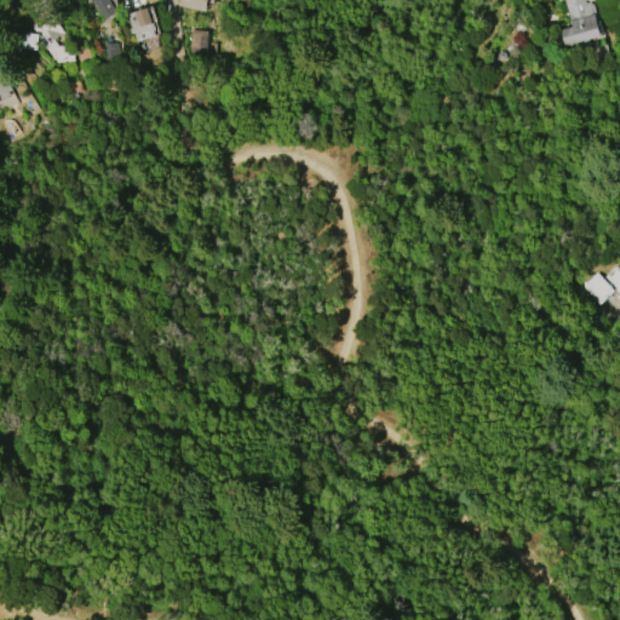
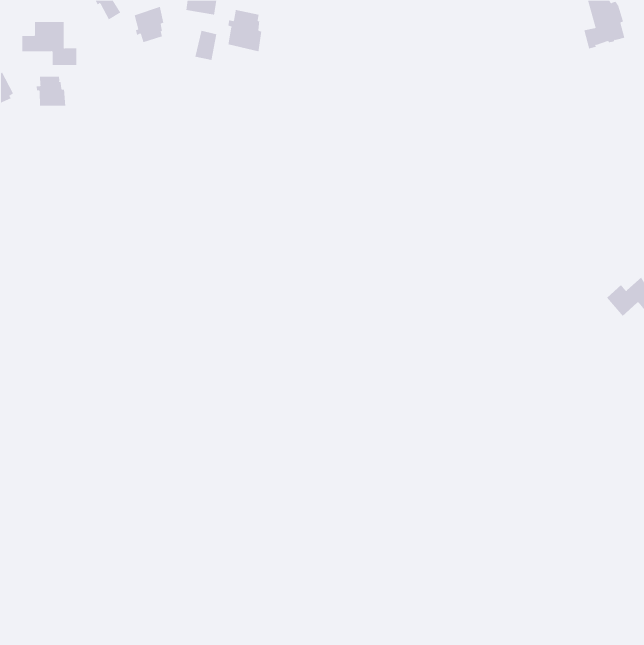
building: none -> [228,9,262,52]
building: none -> [36,76,66,107]

